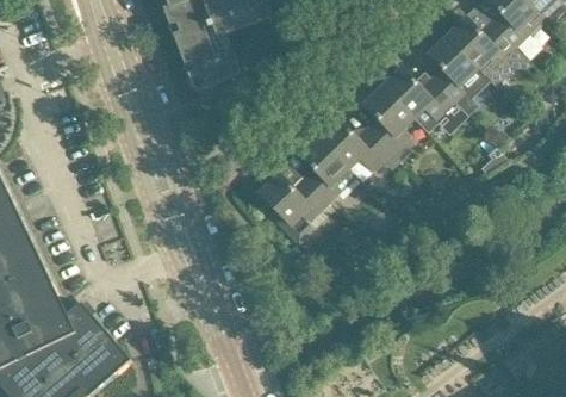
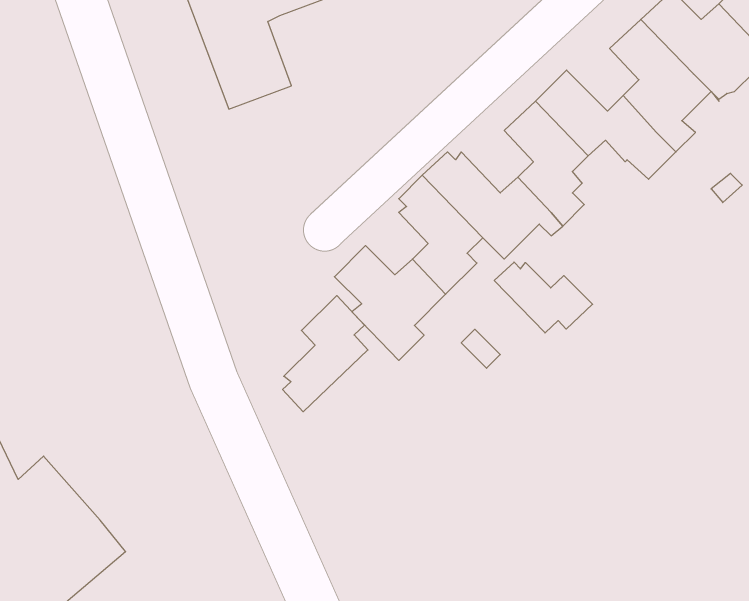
building: none -> [494,262,593,333]
building: none -> [283,296,368,412]

